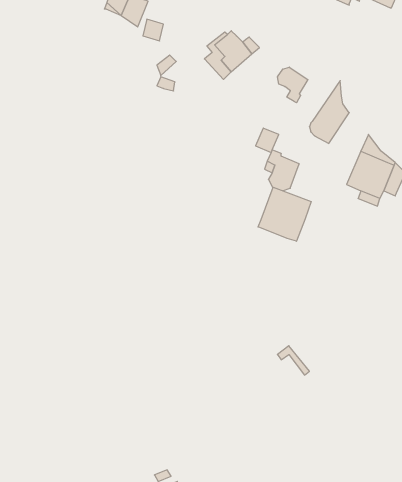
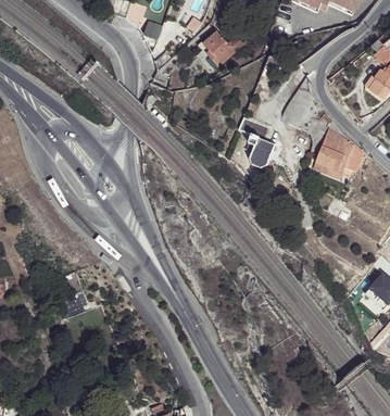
building: [278,67,308,103] -> none
building: [258,187,311,241] -> none

